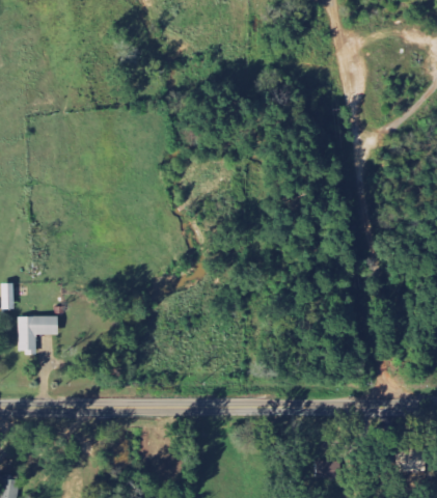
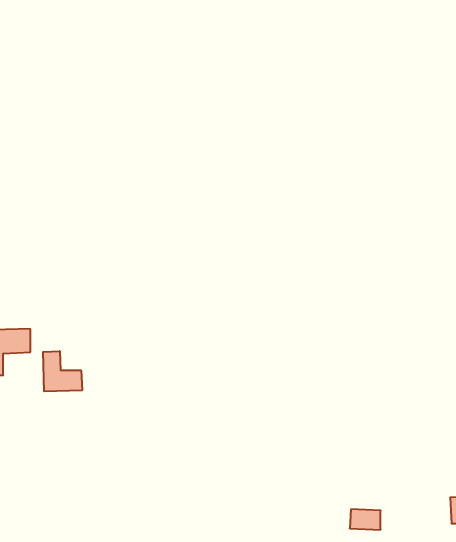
building: none -> [43,351,82,391]

